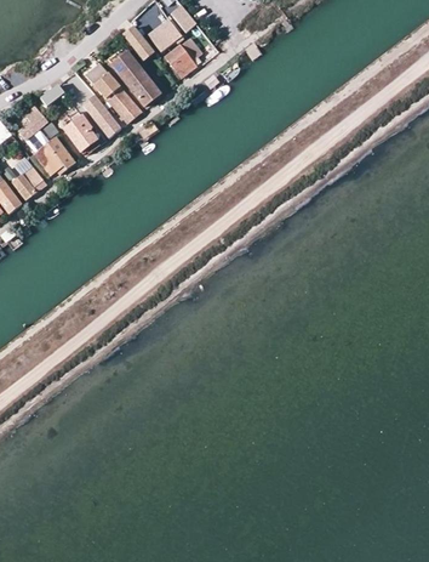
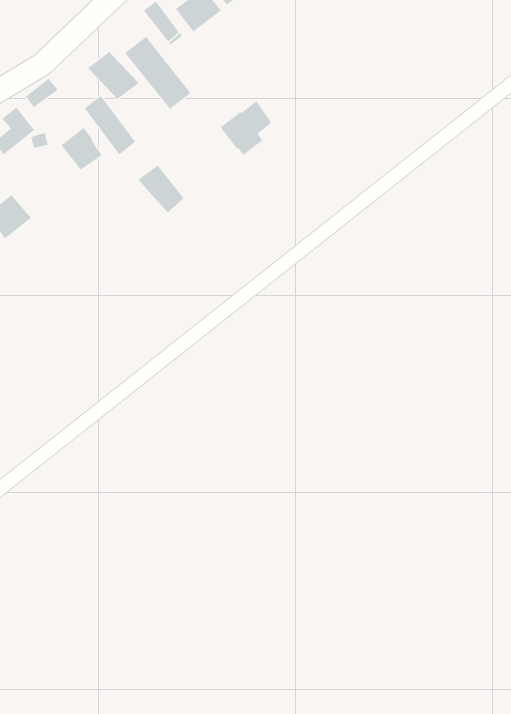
building: [165,36,202,76] -> [220,100,272,156]
building: [107,89,141,124] -> [138,164,185,213]
building: [34,137,74,176] -> none

